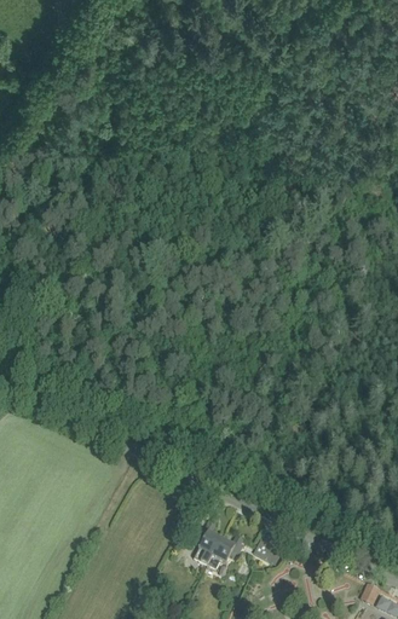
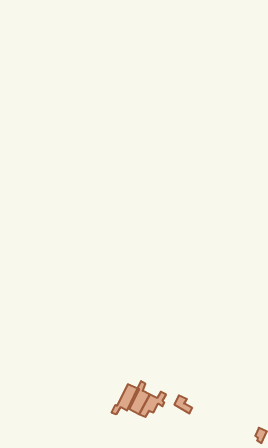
building: none -> [112,384,137,414]

